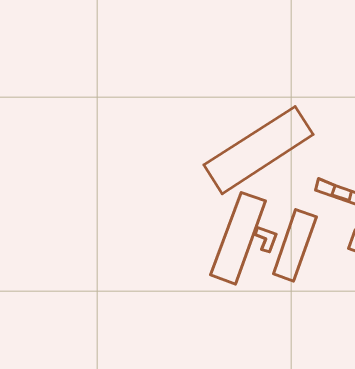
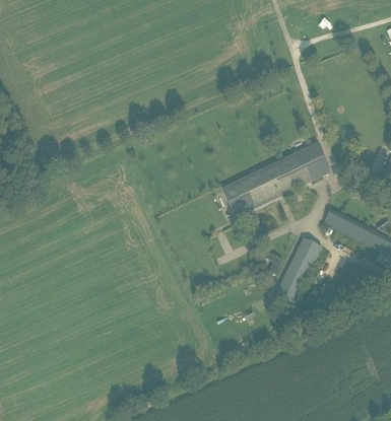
building: [210,193,266,284] -> none

